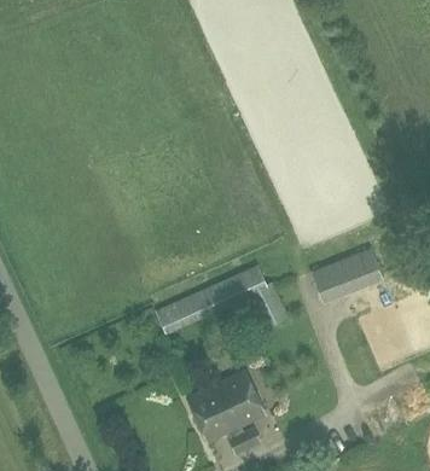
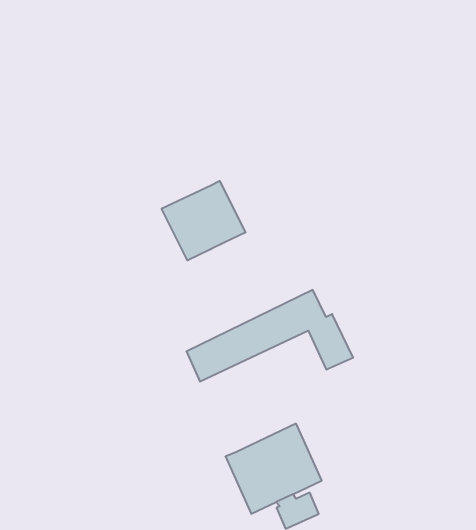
building: none -> [162,181,245,260]
building: [310,250,383,303] -> none

